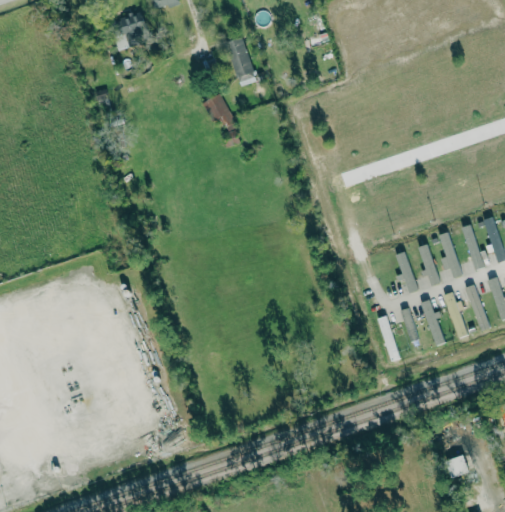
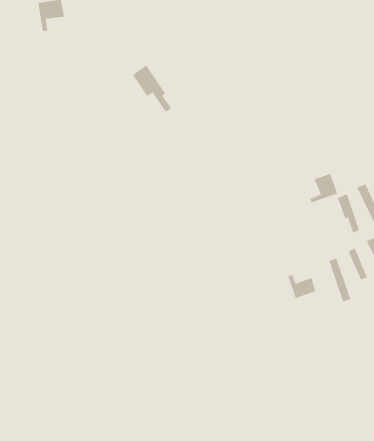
building: [226,36,255,86] -> none
building: none -> [310,173,338,203]
building: none -> [287,274,316,299]

